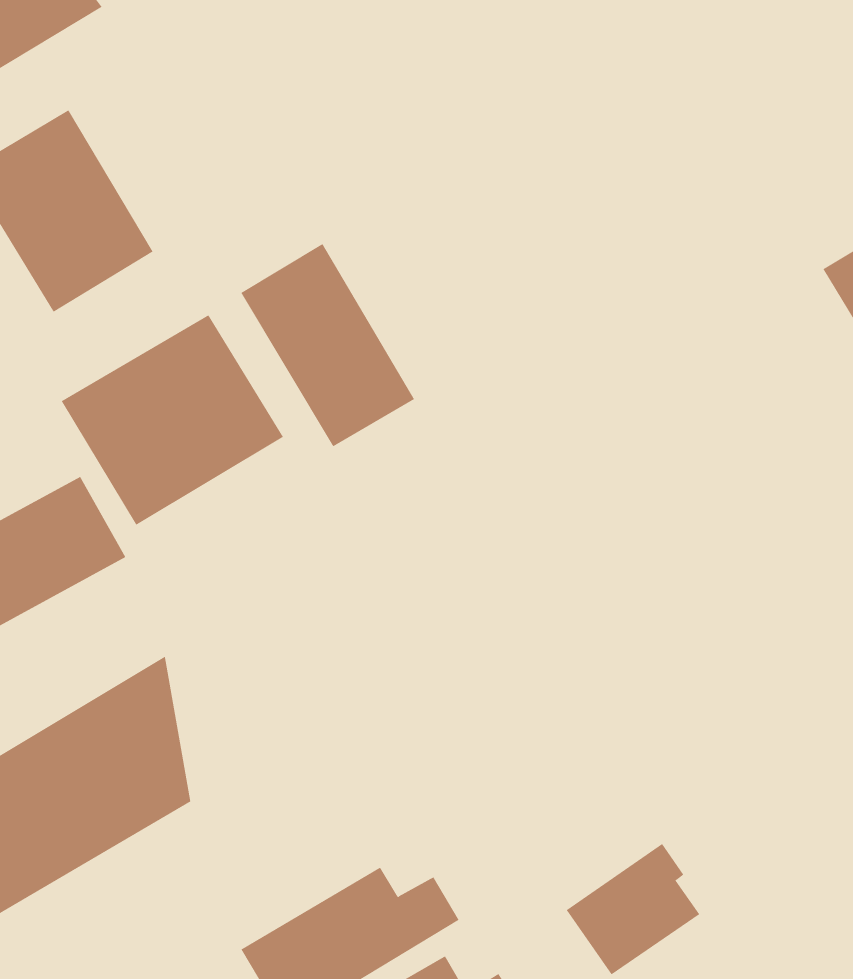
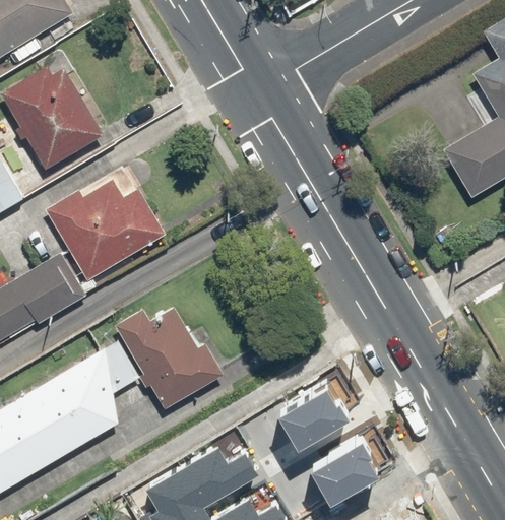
building: [240,243,415,447] -> none
building: none -> [117,305,223,404]
building: none -> [274,395,348,459]

